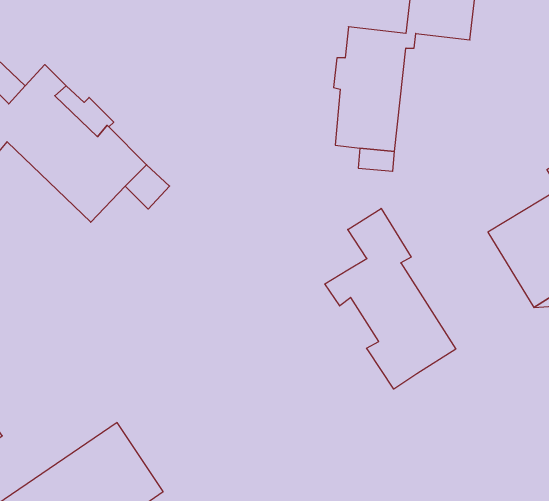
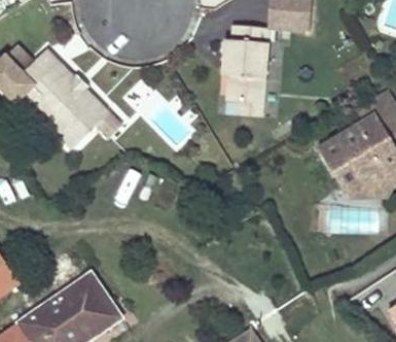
building: [325,208,456,389] -> none

